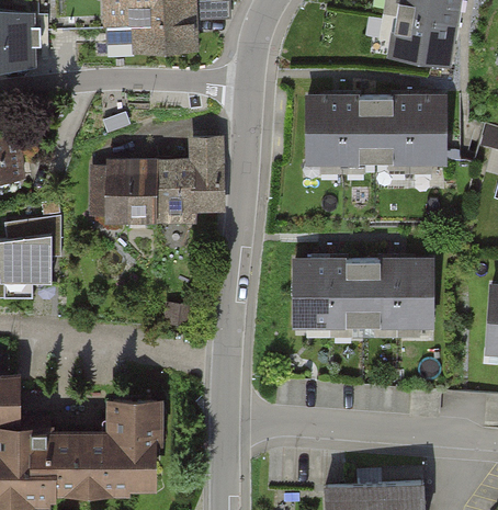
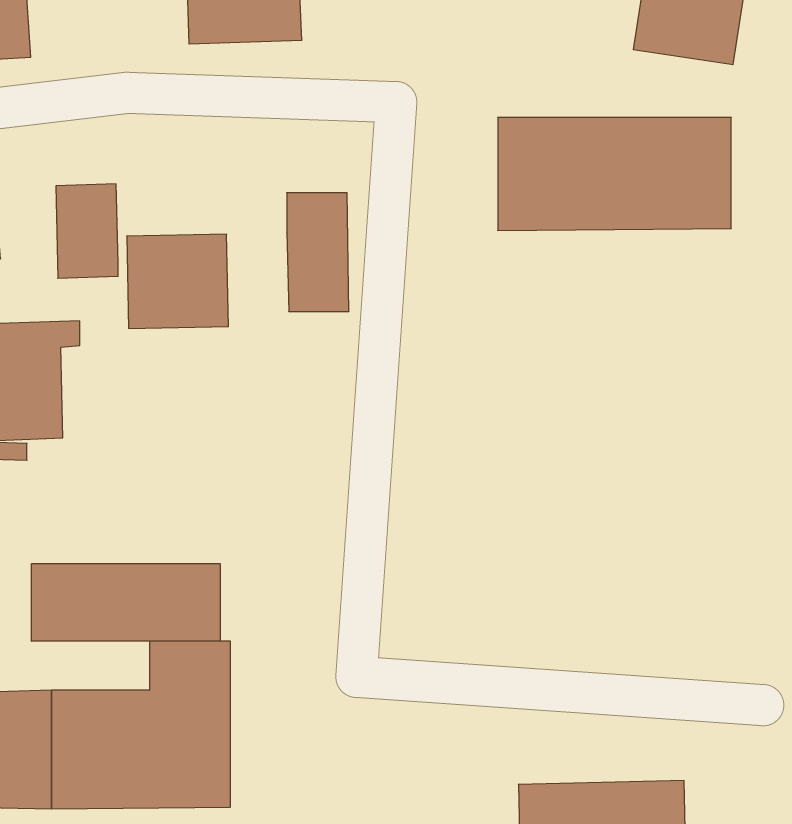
building: [151,162,188,217] -> [56,184,118,278]
building: [296,259,433,324] -> none
building: none -> [32,564,220,641]

